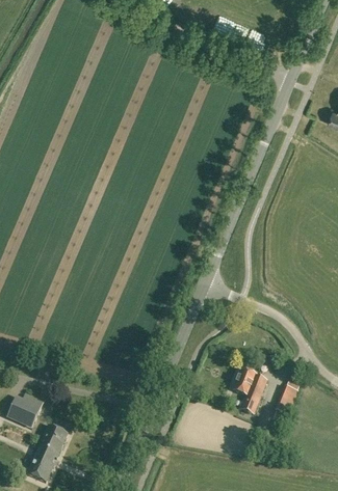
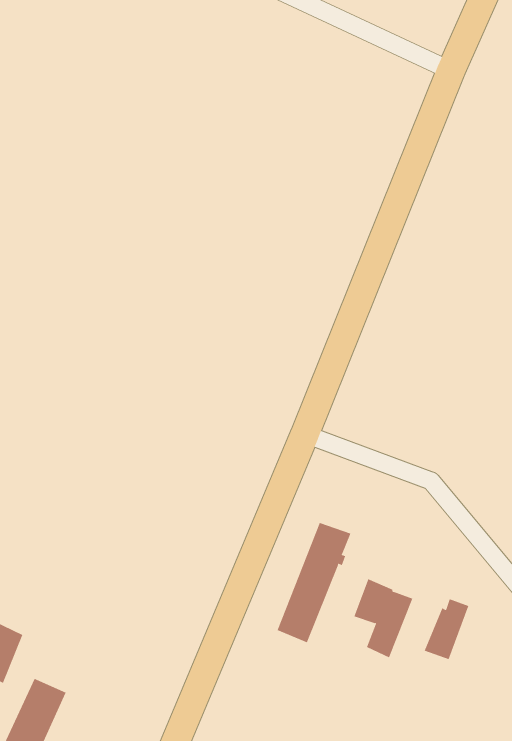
building: none -> [277,522,351,643]

